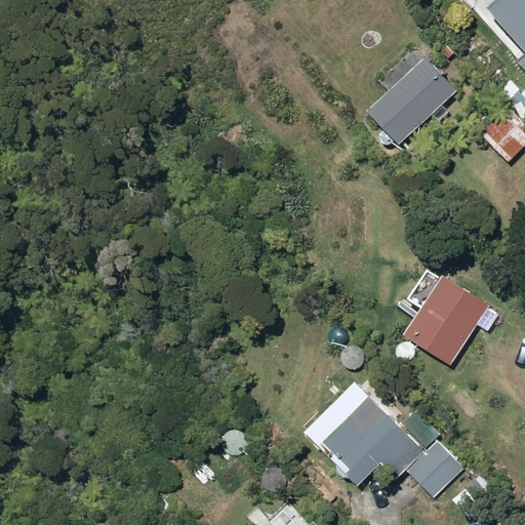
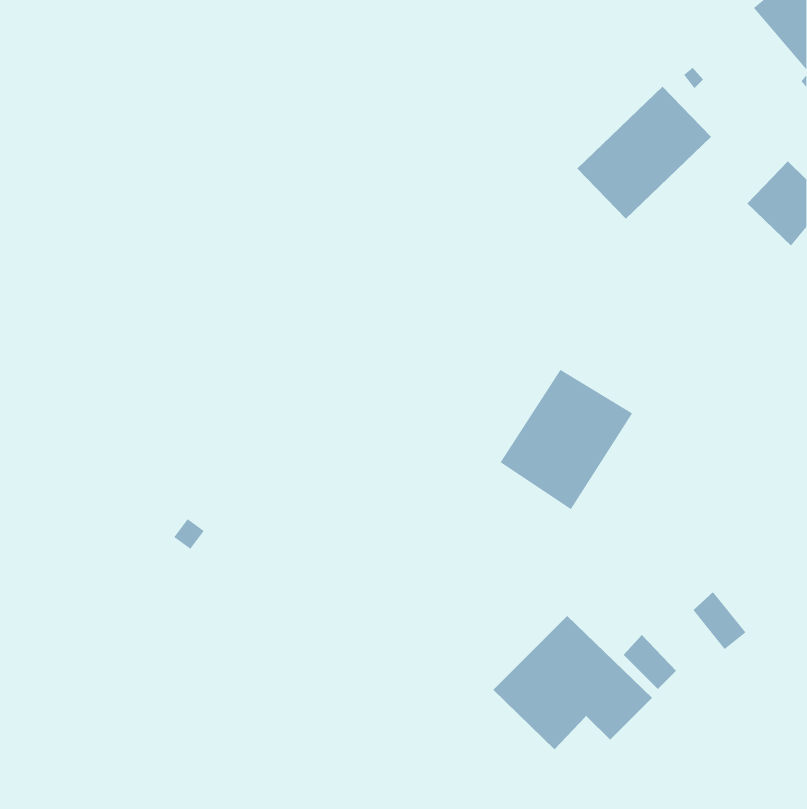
building: [402,273,488,364] -> [500,369,633,510]
building: [405,440,461,495] -> none

